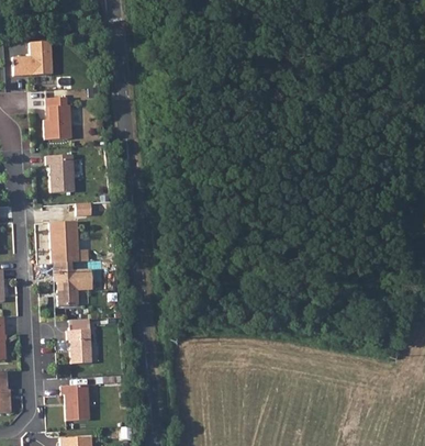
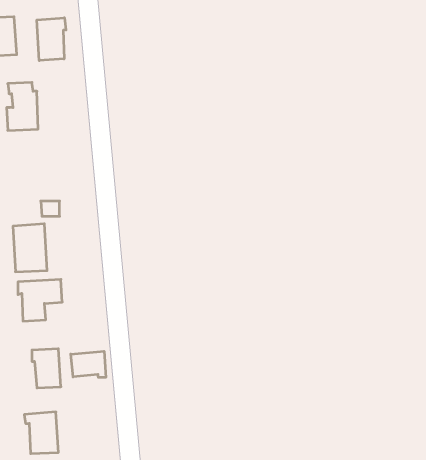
building: none -> [37,18,66,61]
building: [46,155,75,192] -> none
building: none -> [71,351,106,377]

